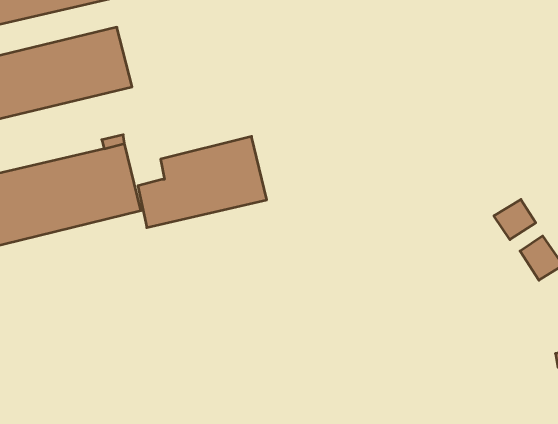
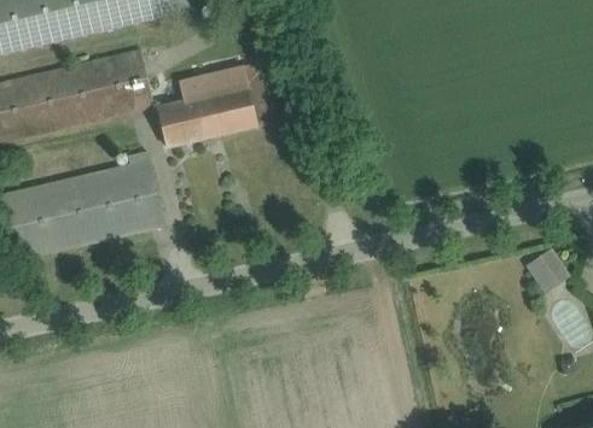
building: [138,136,267,228] -> [159,60,283,147]
building: [494,199,536,240] -> none

